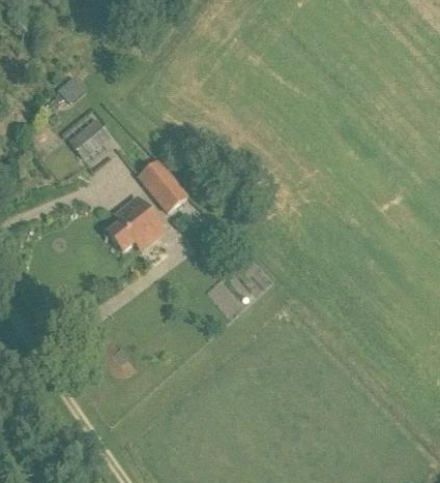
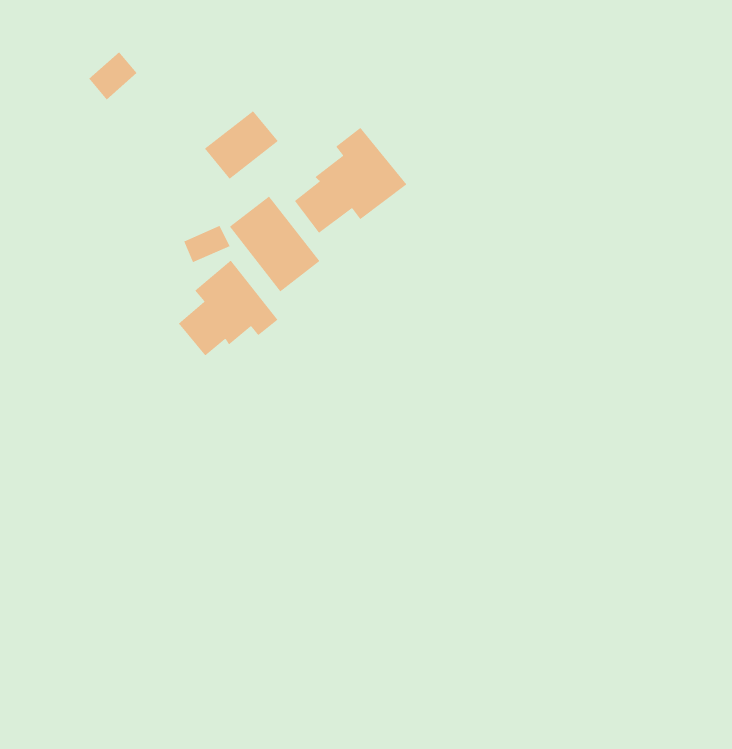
building: [68,119,111,158] -> [204,110,279,180]
building: none -> [294,127,407,234]

